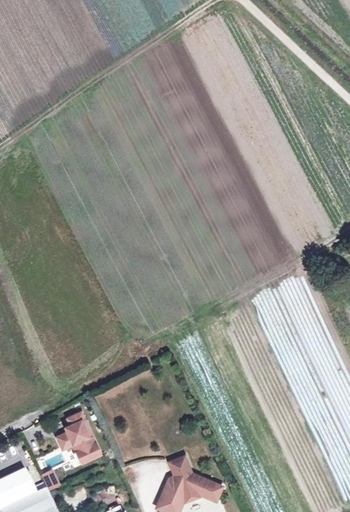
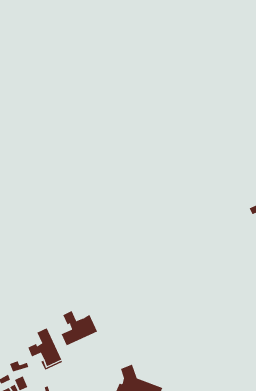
building: none -> [61,310,98,346]

